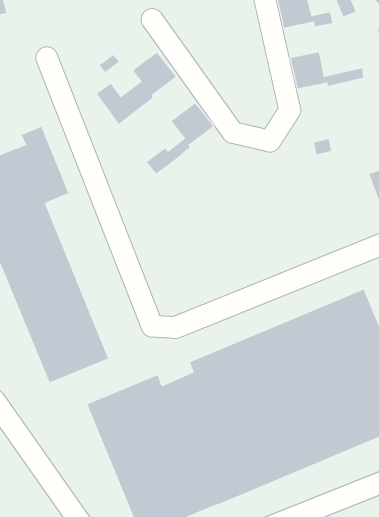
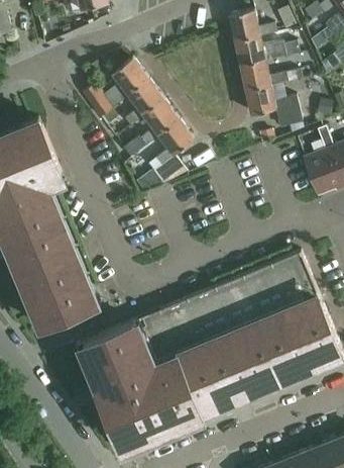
building: none -> [235,33,286,63]
building: none -> [126,78,163,125]
building: none -> [246,83,302,127]
building: none -> [148,118,194,184]

